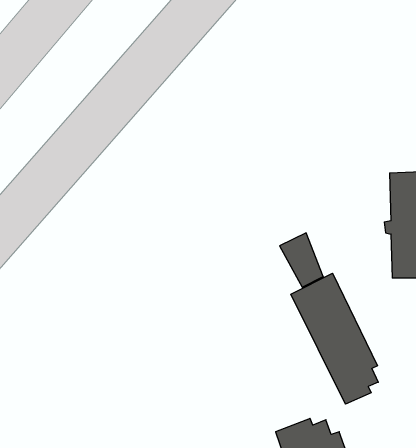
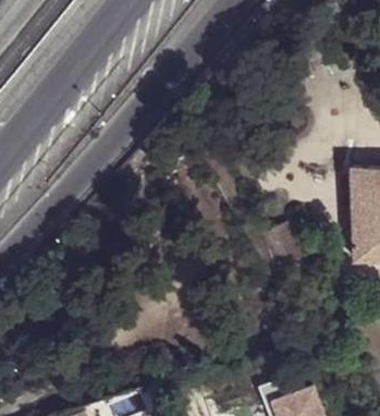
building: [291,273,378,404] -> none

